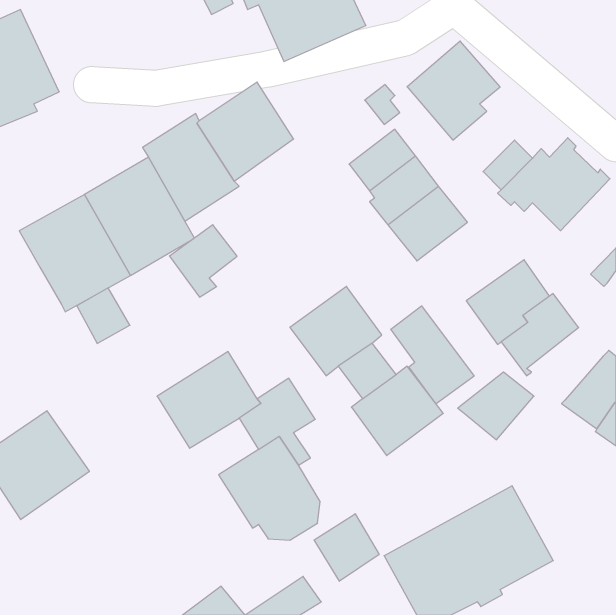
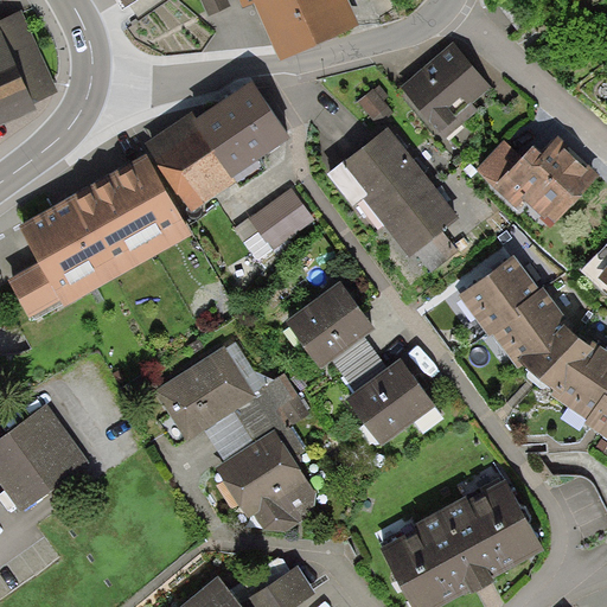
building: [169,225,237,297] -> [248,186,314,257]
building: [77,288,130,343] -> [8,262,60,317]
building: [391,306,474,404] -> none
building: [458,372,534,440] -> [517,326,592,392]
building: [314,514,379,581] -> none

